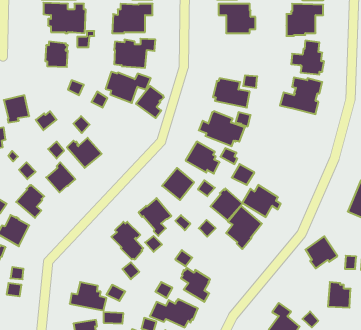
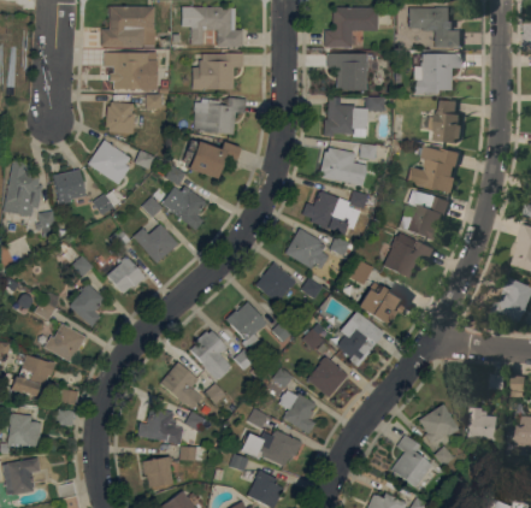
building: none -> [324,98,385,136]
building: none -> [88,140,131,184]
building: [136,86,164,118] -> [171,189,207,230]
building: none -> [399,190,449,242]
building: none -> [383,232,433,279]
building: [210,188,242,221] -> [307,356,348,397]
building: [305,236,337,268] -> [419,403,460,444]
building: none -> [160,361,203,409]

